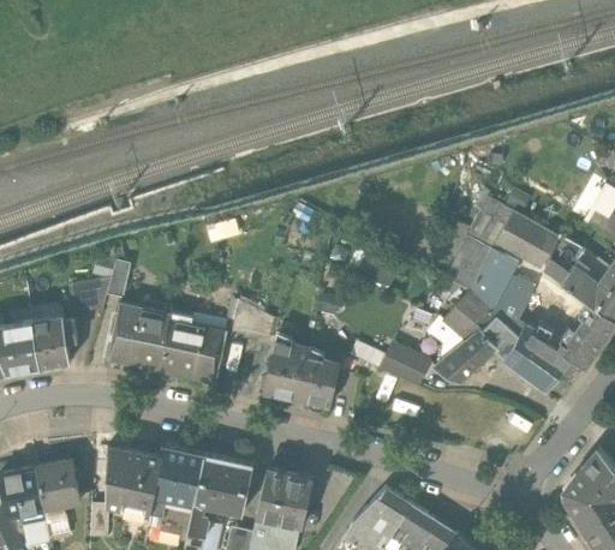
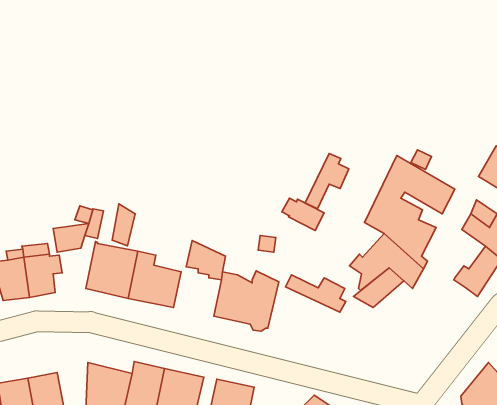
building: none -> [305,153,349,209]
building: [542,235,584,287] -> none
building: none -> [112,204,135,246]
building: [504,325,571,393] -> none

